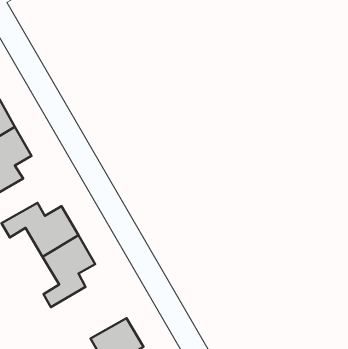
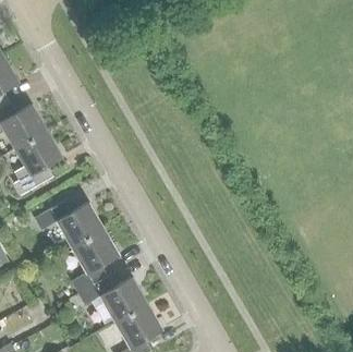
building: none -> [78,275,147,321]

